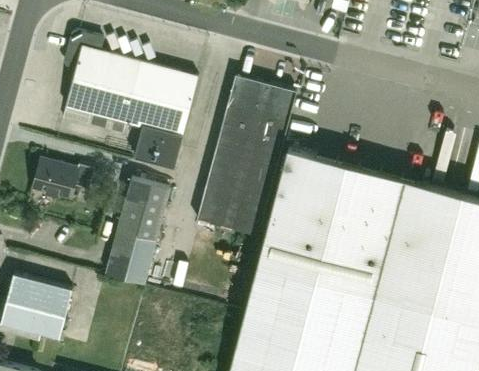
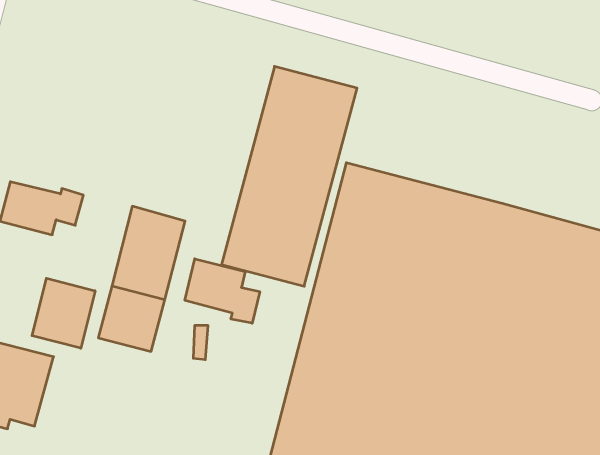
building: [63,33,198,170] -> none
building: none -> [185,259,260,323]
building: none -> [32,278,95,348]

